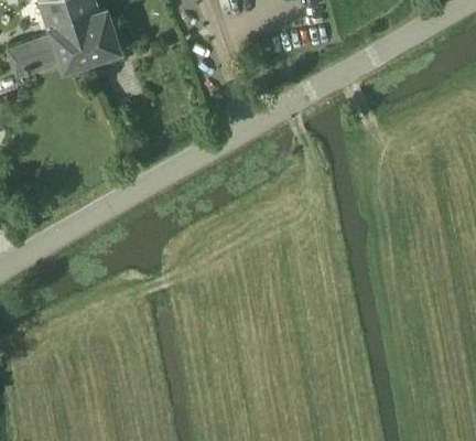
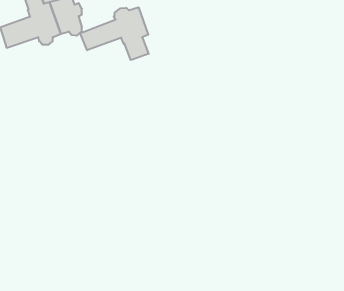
building: none -> [80,7,149,60]

